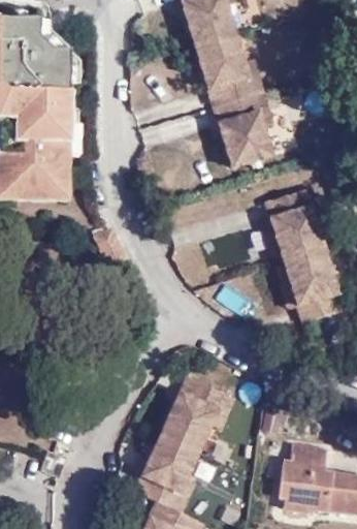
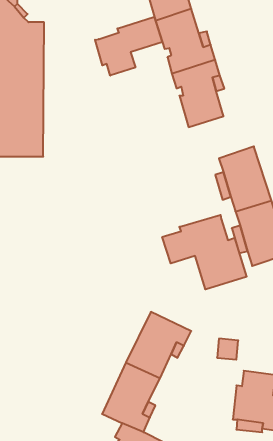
building: none -> [95,17,162,76]
building: none -> [162,215,247,289]

